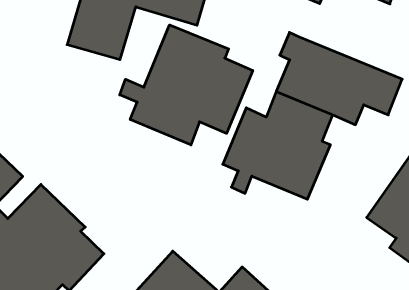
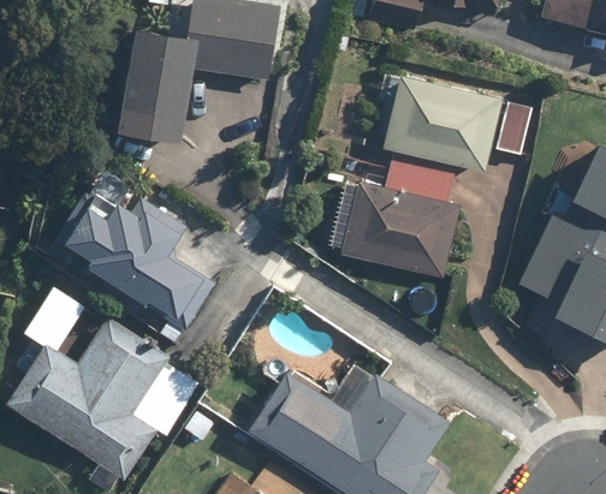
building: [120,25,253,145] -> none
building: none -> [53,186,218,343]

